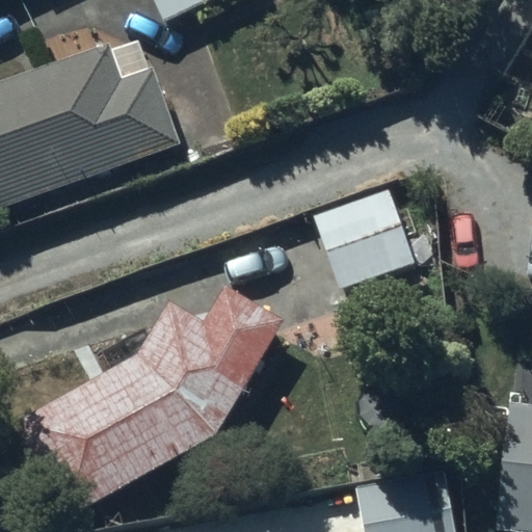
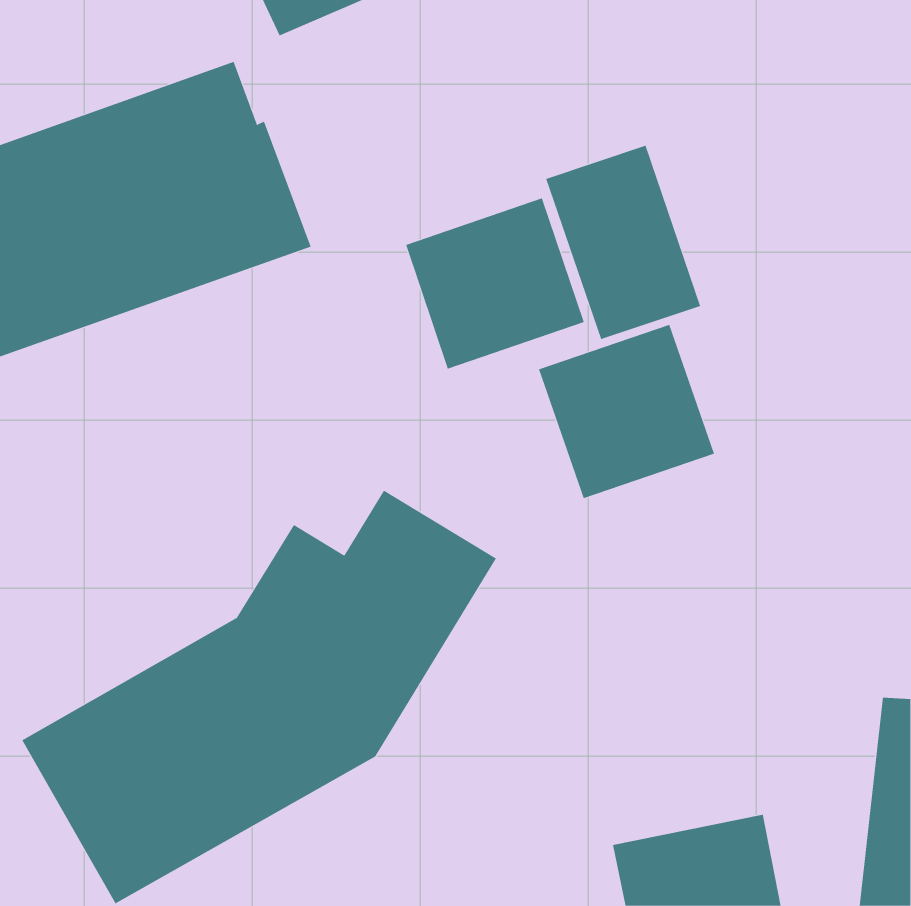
building: none -> [546,145,701,340]
building: none -> [405,198,584,370]

